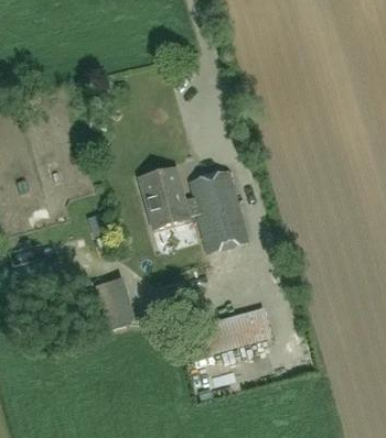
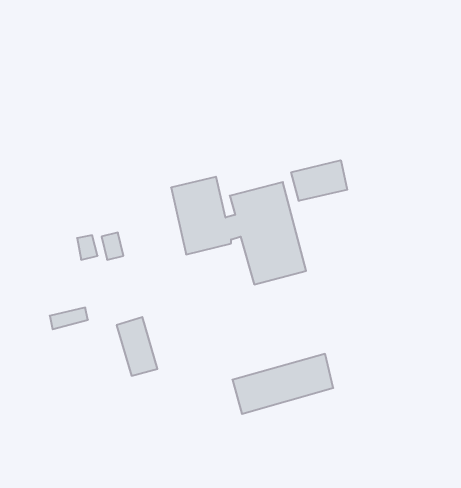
building: none -> [291,160,347,201]

